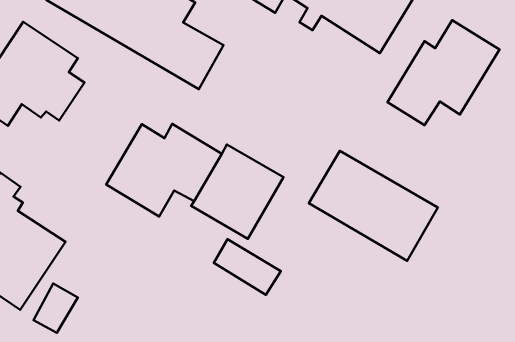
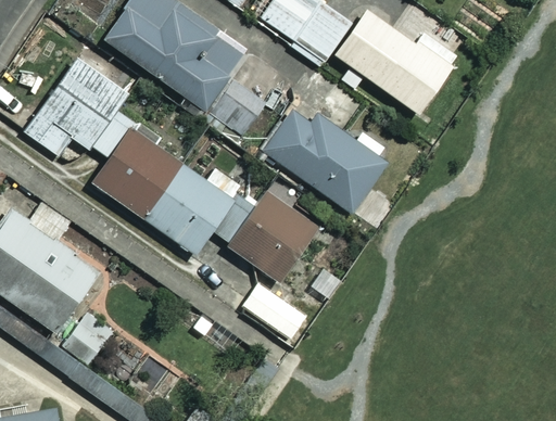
building: [388,20,500,125] -> none
building: none -> [88,120,179,220]
building: [309,151,438,261] -> [262,102,386,213]

